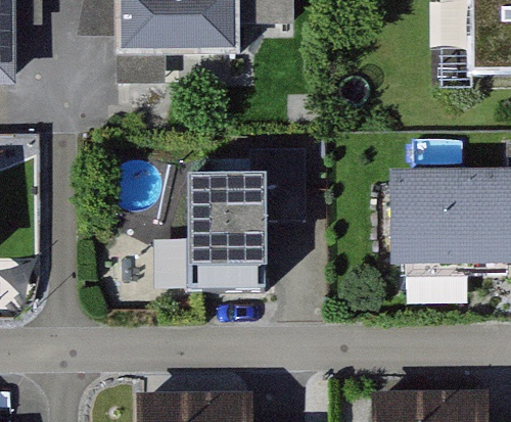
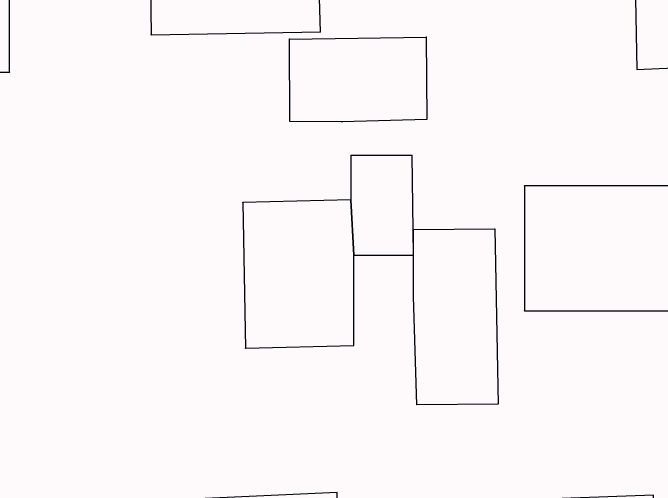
building: none -> [289,37,427,122]
building: none -> [413,229,498,405]

